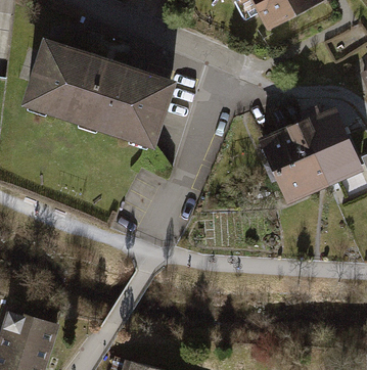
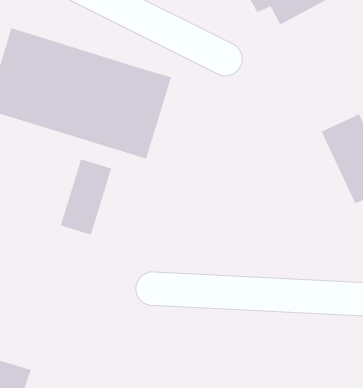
building: [263,123,330,201] -> none
building: none -> [60,159,112,236]

